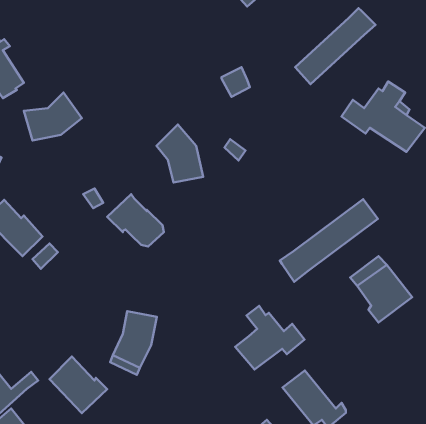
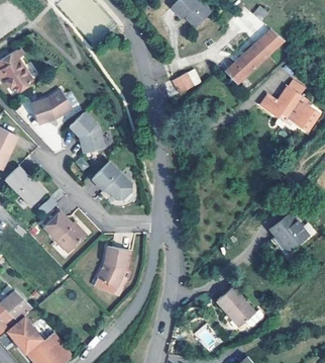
building: [157,125,203,182] -> [70,111,103,153]
building: [280,199,378,282] -> none
building: [235,306,305,369] -> none
building: [49,357,107,413] -> [43,211,85,252]

